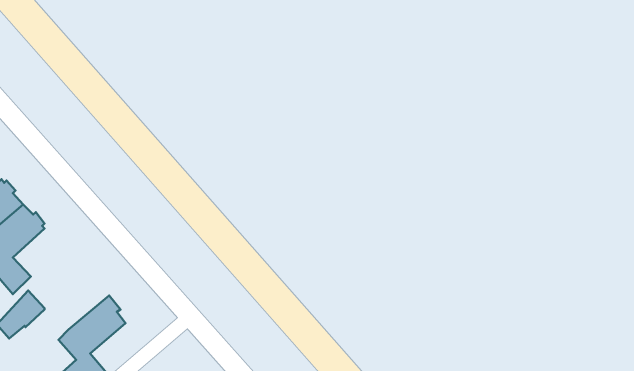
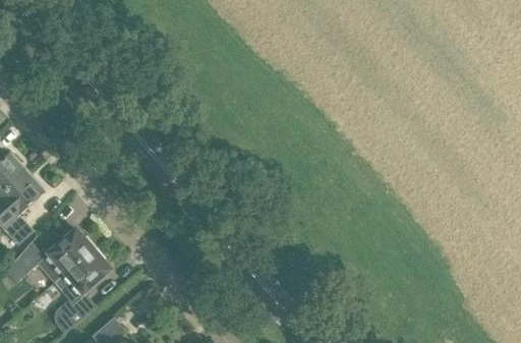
building: none -> [44,229,96,274]

